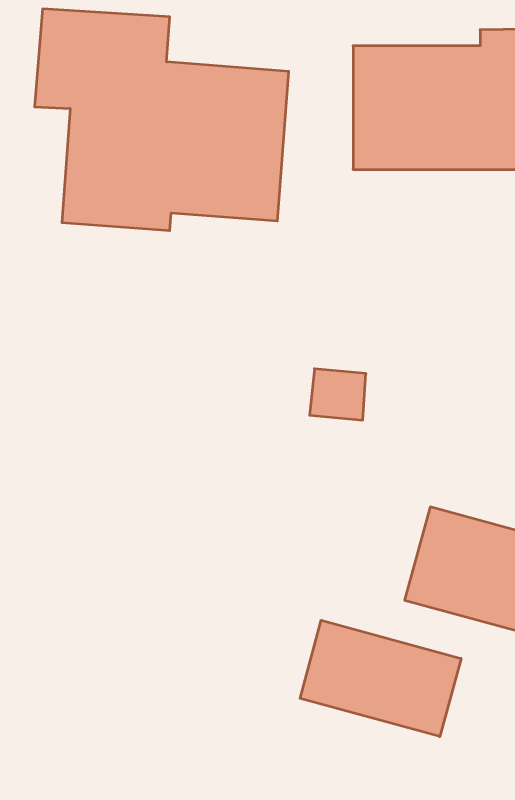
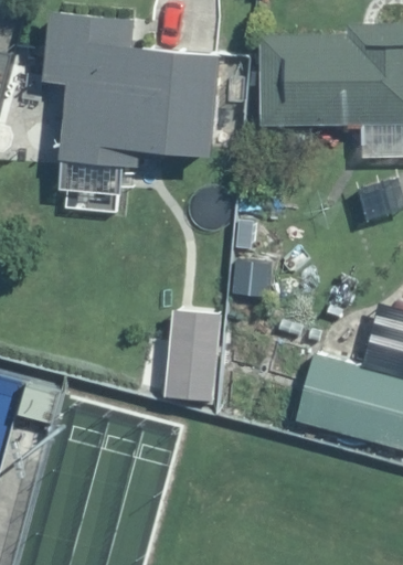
building: none -> [165,311,219,402]
building: [300,620,461,737] -> none

